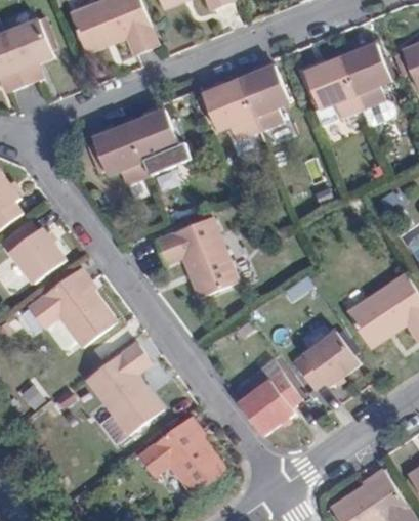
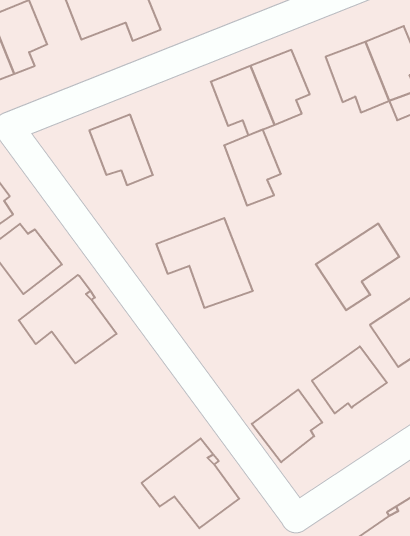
building: [128,107,179,176] -> [224,129,281,206]
building: none -> [316,223,399,310]
building: [86,342,163,433] -> none

